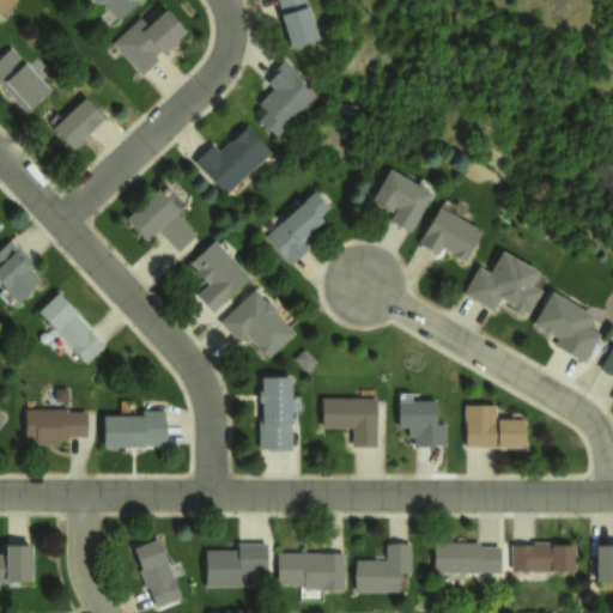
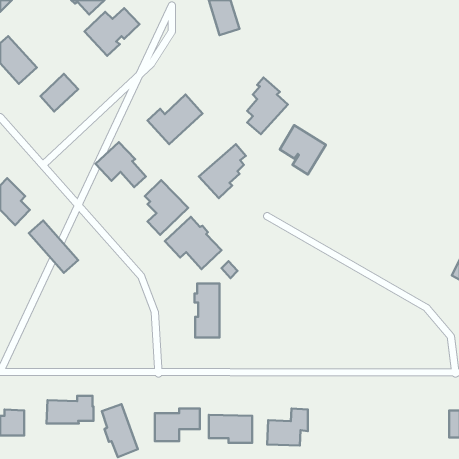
building: [262,61,316,136] -> [247,78,288,134]
building: [419,207,484,262] -> none
building: [467,253,545,317] -> none
building: [529,290,599,359] -> none
building: [322,399,377,447] -> none
building: [400,400,448,445] -> none
building: [466,406,526,448] -> none
building: [26,409,86,445] -> none
building: [104,411,166,448] -> [47,396,93,424]
building: [435,541,500,571] -> none
building: [512,541,576,571] -> none

